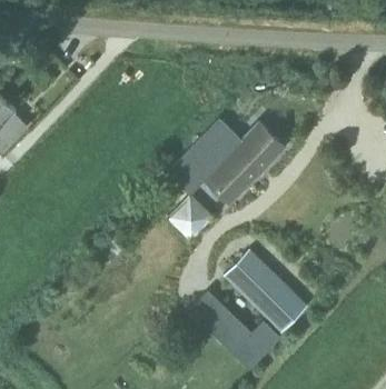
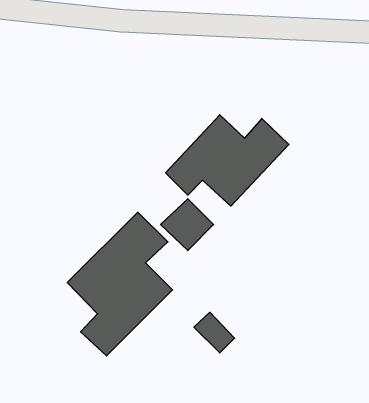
building: none -> [67,212,173,356]
building: [224,251,308,367] -> none

